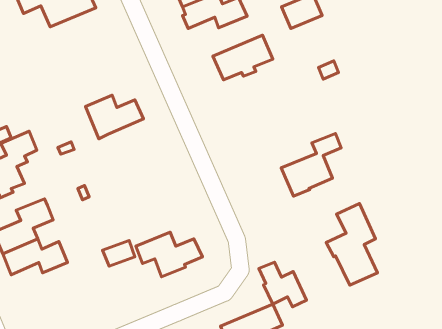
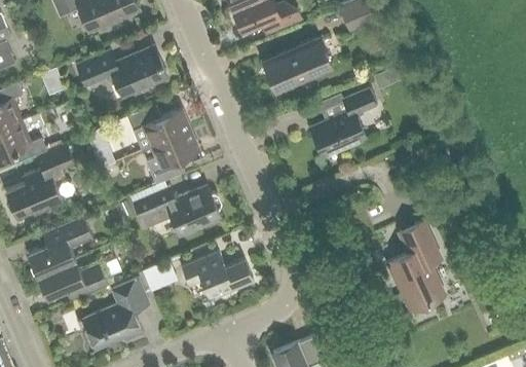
building: none -> [76,46,166,97]
building: none -> [146,130,198,184]
building: [281,133,341,196] -> [309,89,374,157]
building: none -> [132,187,220,233]
building: none -> [82,280,148,348]
building: [259,262,306,307] -> none

